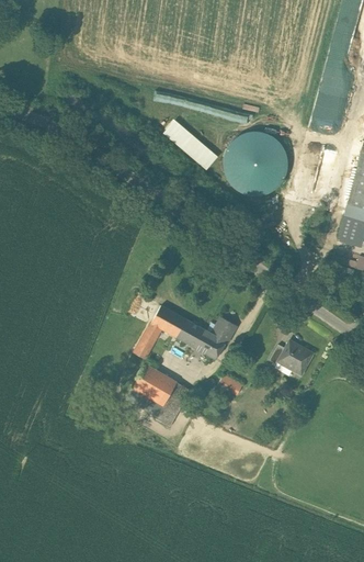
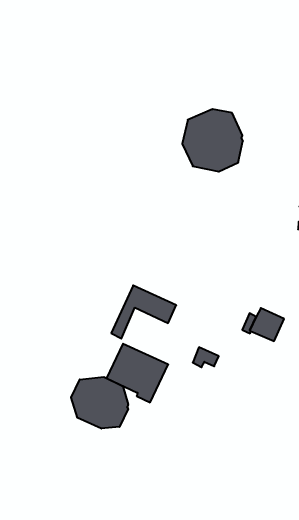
building: [163,119,219,168] -> none
building: [194,318,237,359] -> none
building: none -> [71,377,128,429]

